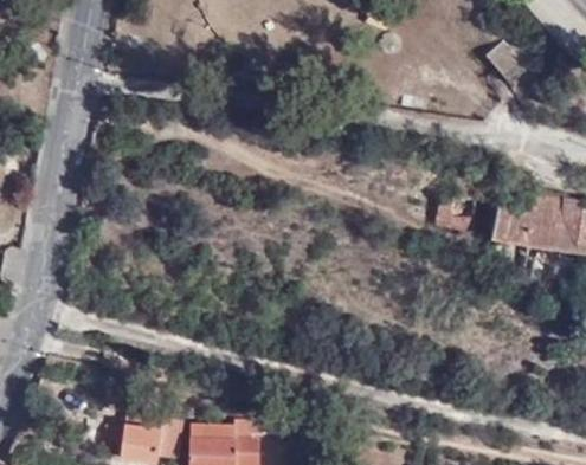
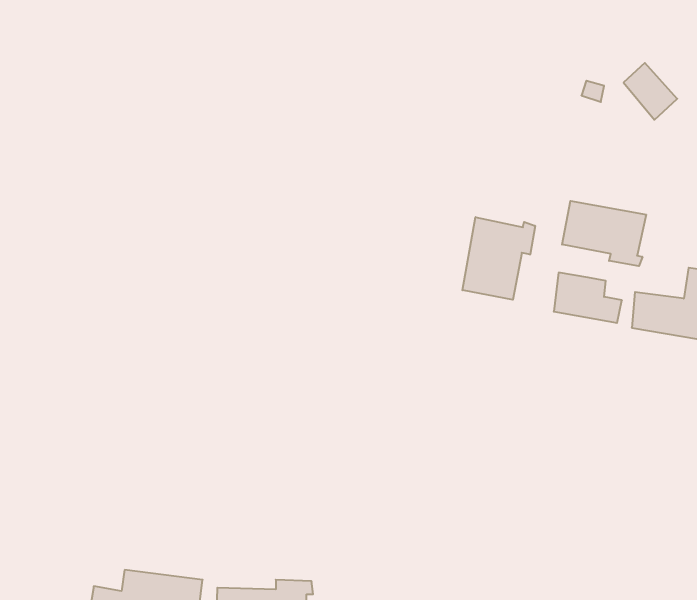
building: none -> [562,201,646,266]
building: none -> [462,217,535,300]

